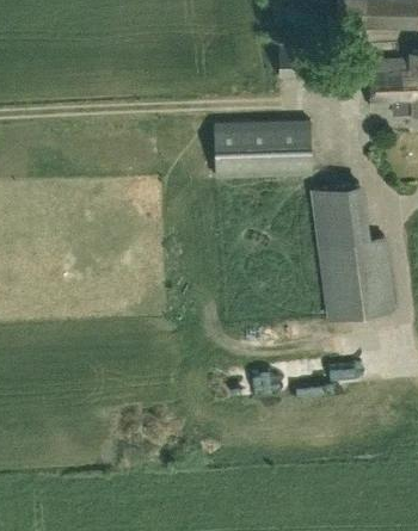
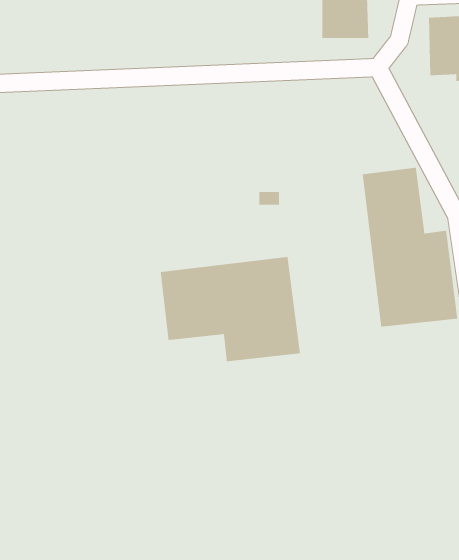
building: [213,122,309,177] -> none
building: none -> [160,256,301,362]

